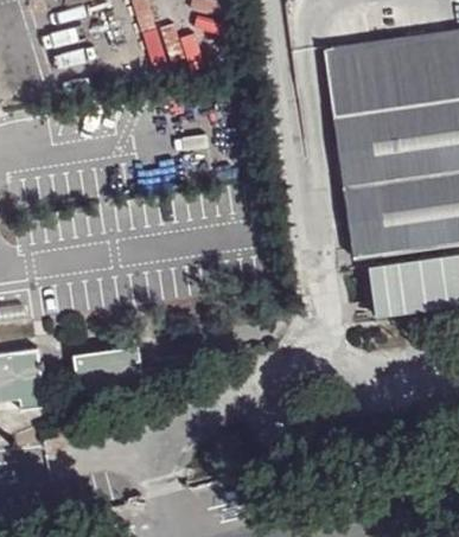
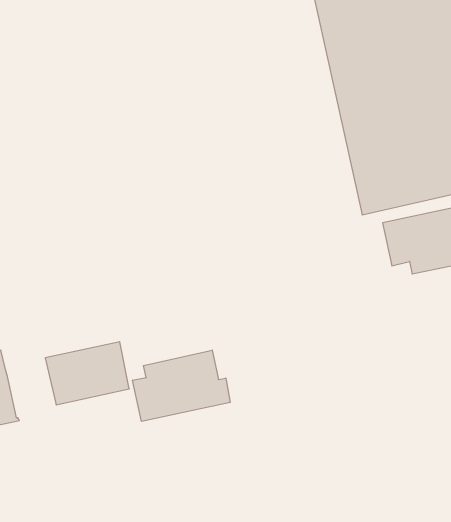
building: none -> [133,350,230,421]

